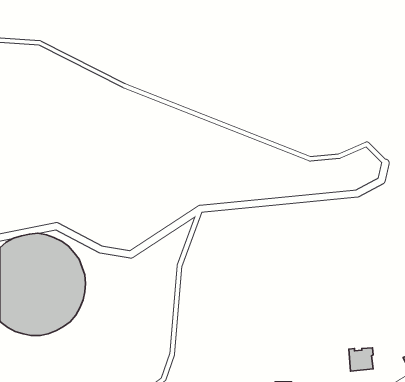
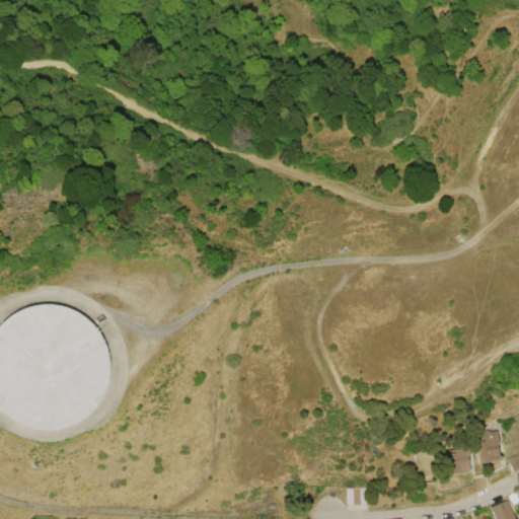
building: none -> [475,430,503,463]

